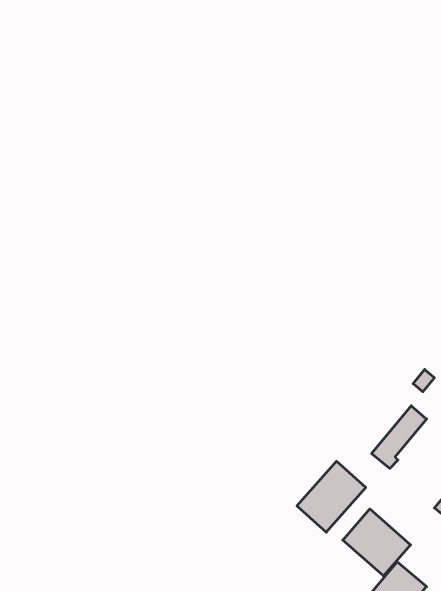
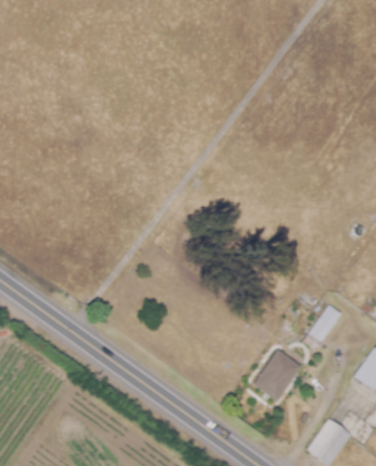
building: [343,509,411,576] -> none

